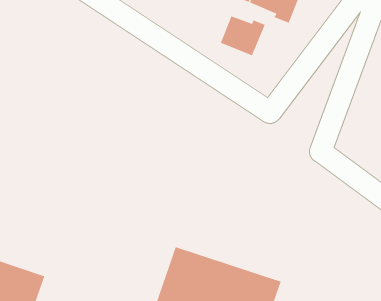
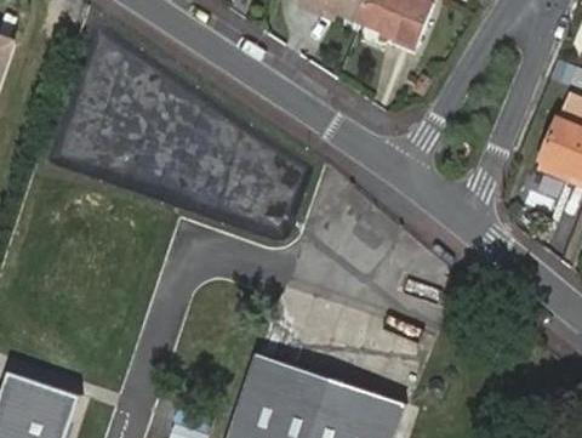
building: [220,15,265,56] -> none

